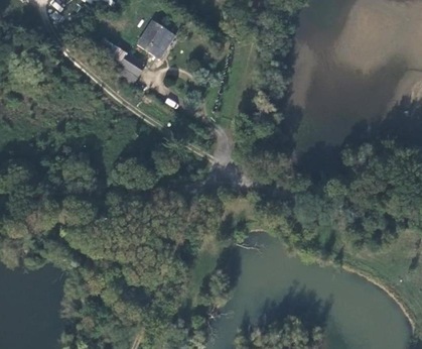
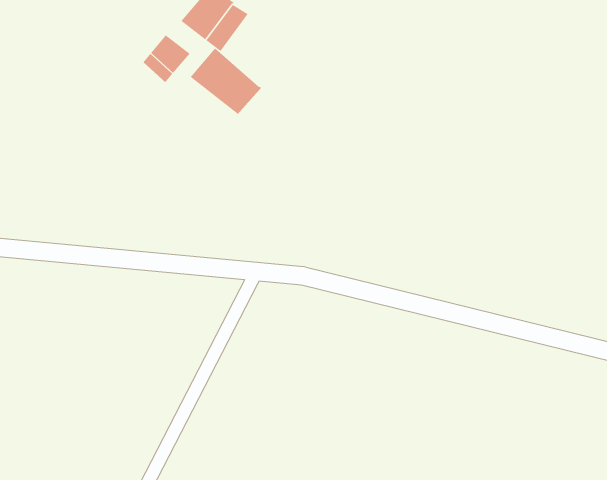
building: none -> [190,48,262,115]

